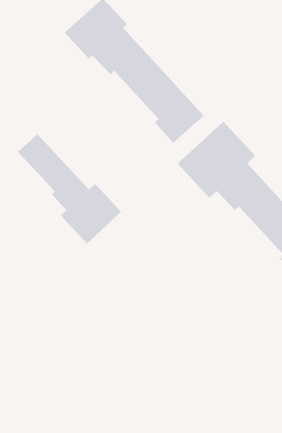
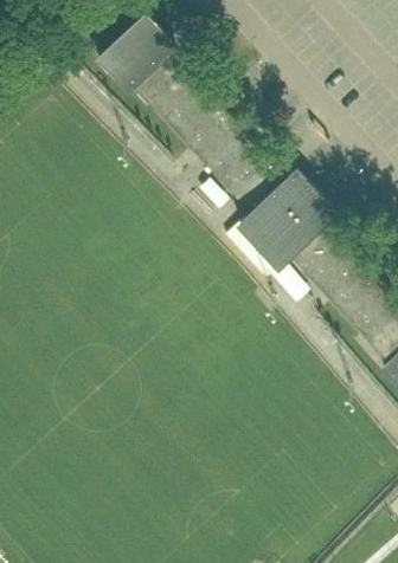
building: [14,133,122,244] -> none

